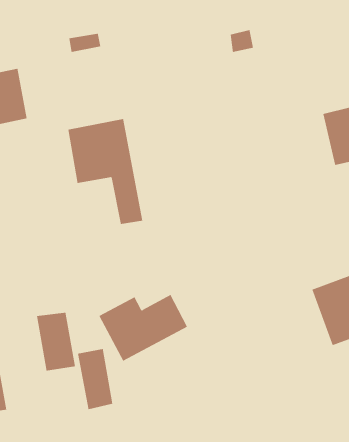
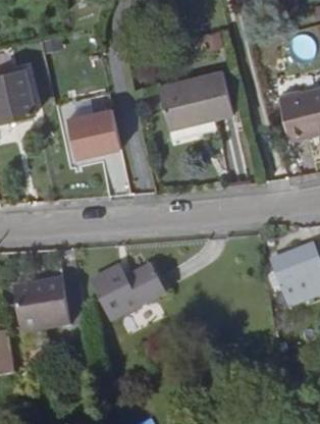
building: none -> [158,69,232,130]
building: [77,349,113,410] -> [14,276,45,328]

